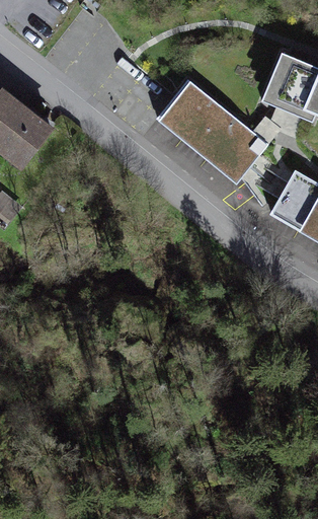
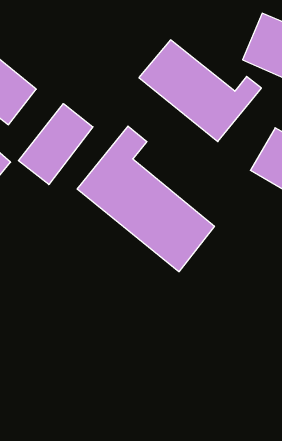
building: none -> [18,104,93,185]
building: none -> [77,126,214,272]

